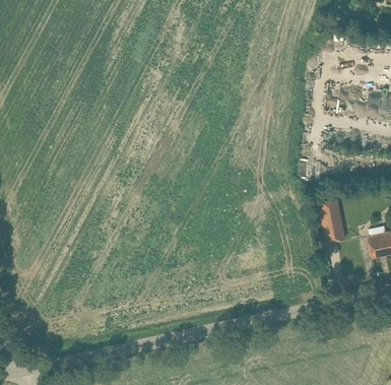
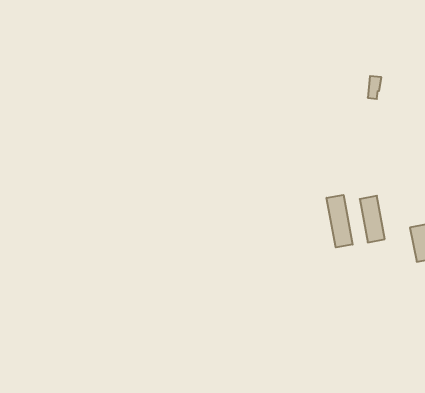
building: none -> [327,195,353,247]

